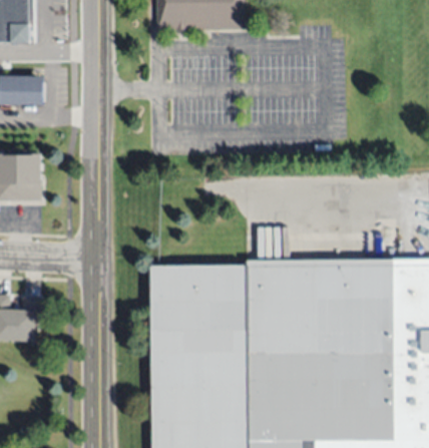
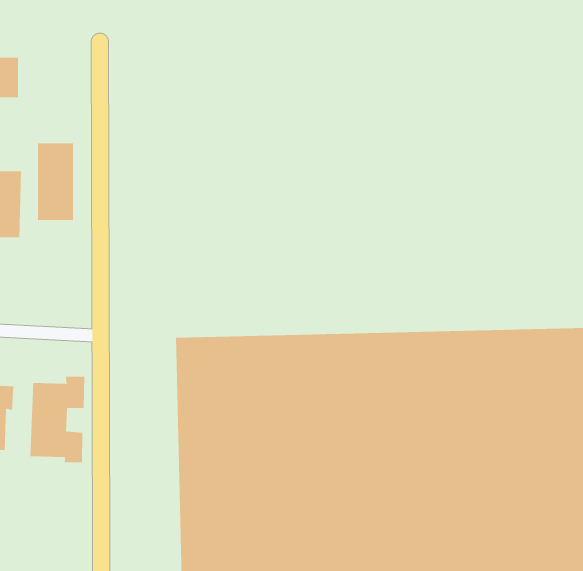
building: none -> [37,143,74,221]
building: none -> [29,376,85,463]

